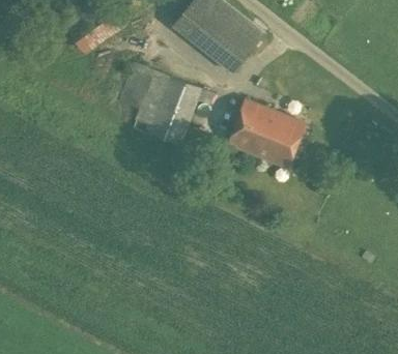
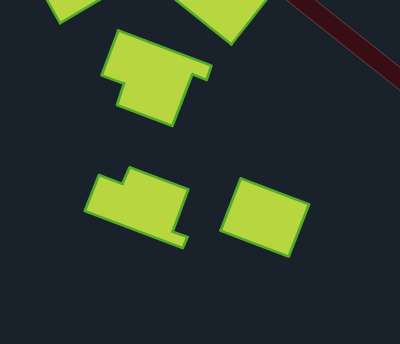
building: [227,99,305,168] -> [220,178,309,256]
building: none -> [85,167,188,248]

